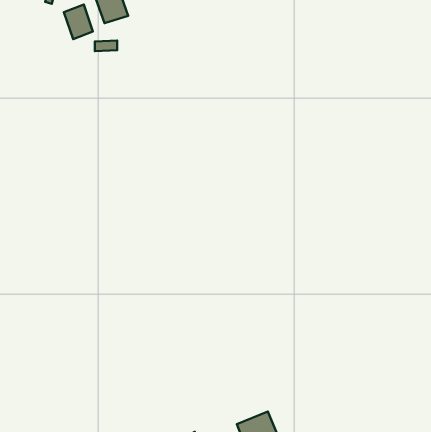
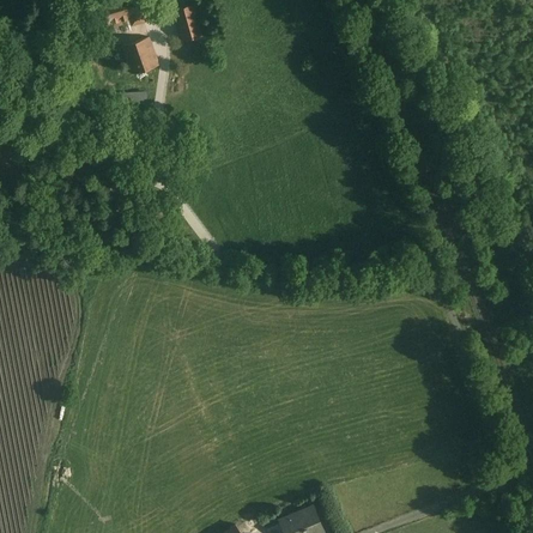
building: [64,5,93,39] -> none

